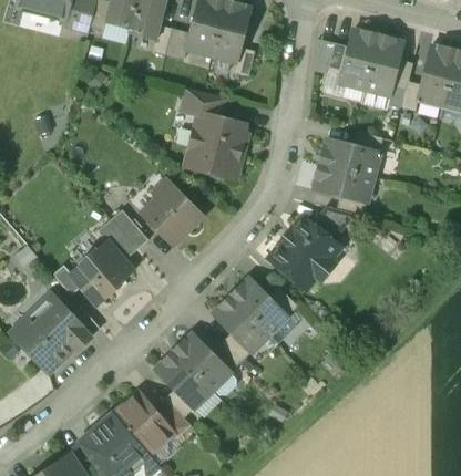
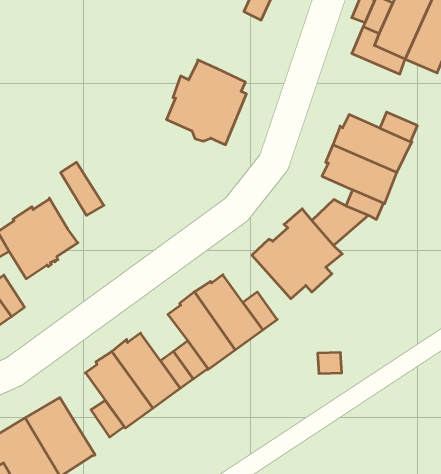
building: [181,89,225,120] -> none
building: [143,185,202,244] -> none
building: [96,219,136,261] -> none
building: [152,399,191,438] -> none

